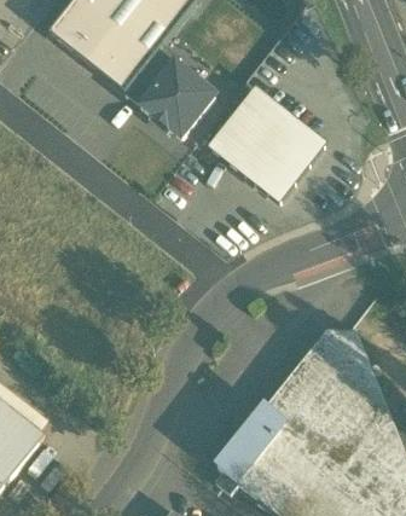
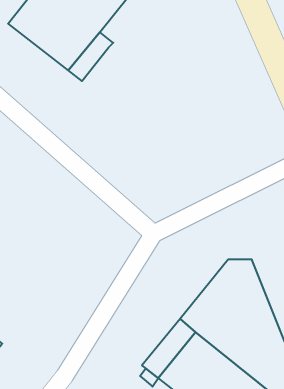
building: [141,62,215,137] -> none
building: [211,89,325,201] -> none

